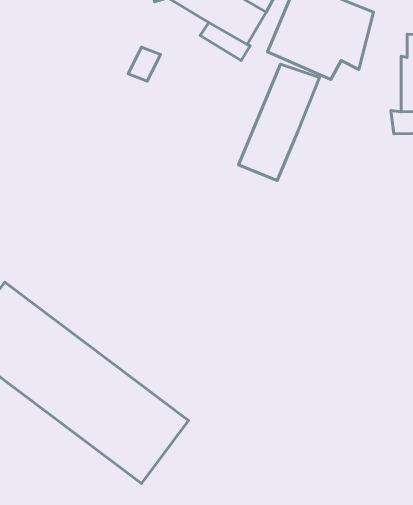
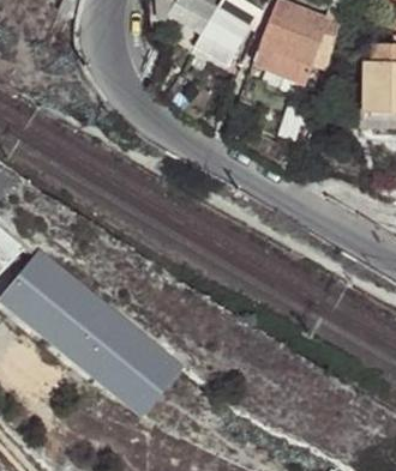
building: [239,64,319,181] -> none

